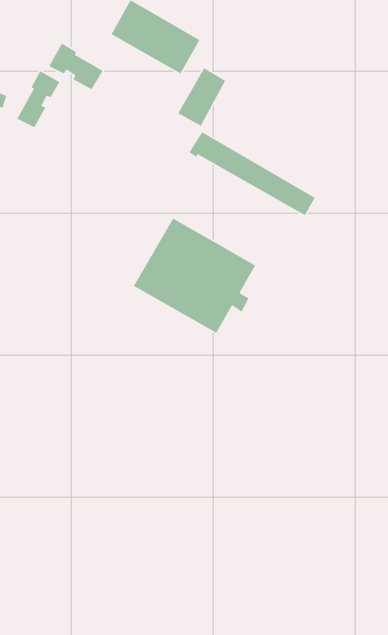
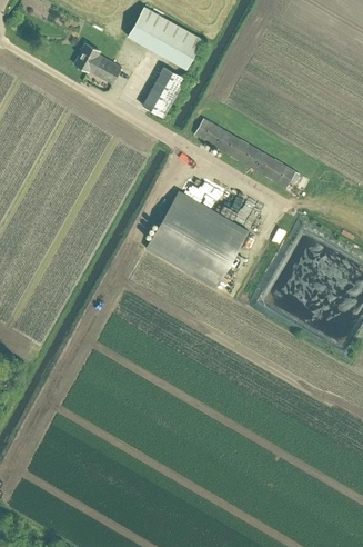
building: [177,67,226,127] -> [142,67,183,117]
building: [16,70,61,128] -> none

